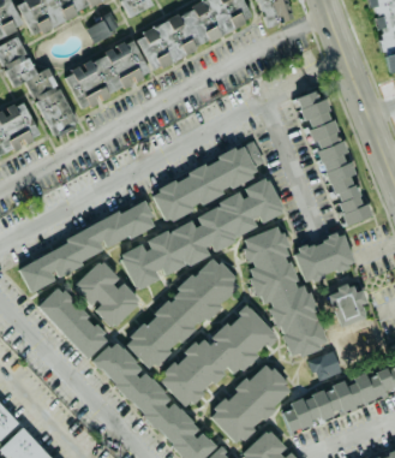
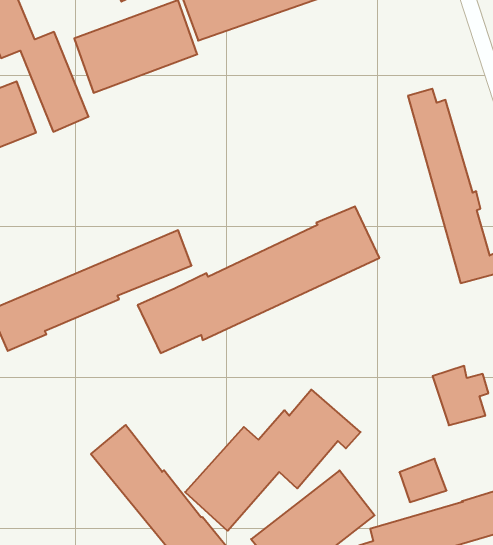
building: [150,142,268,220] -> none
building: [243,225,355,358] -> none
building: [122,258,243,368] -> none
building: [73,260,142,328] -> none
building: [38,285,107,359] -> none

